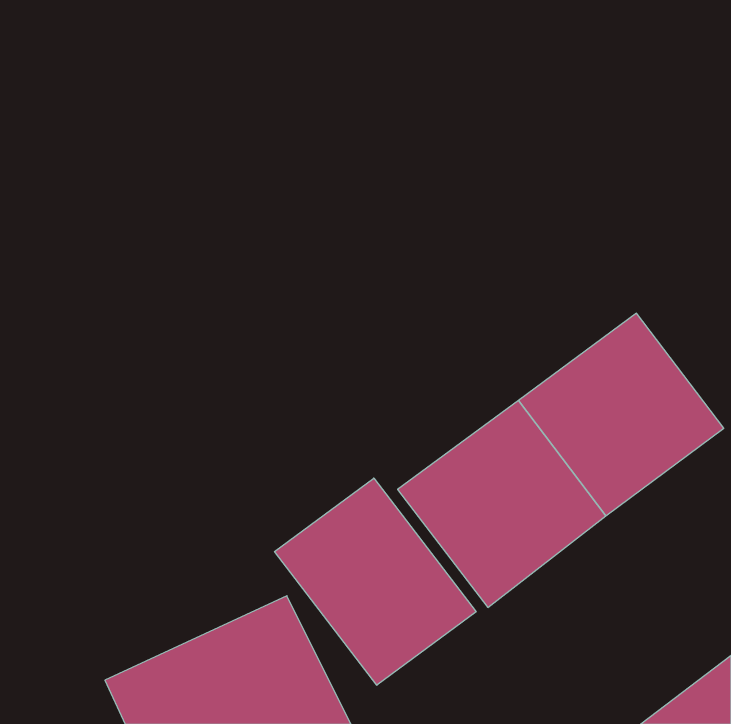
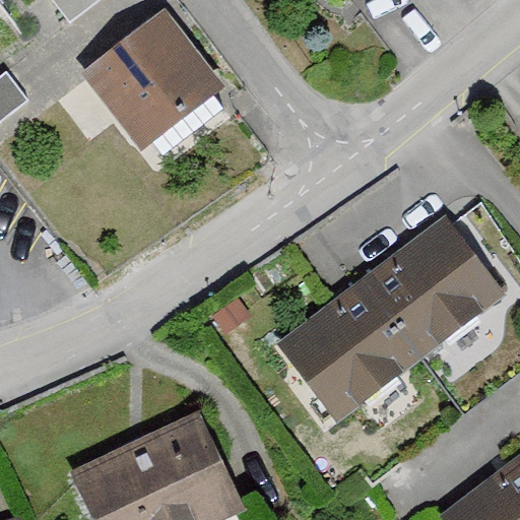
building: none -> [83,14,218,148]
building: [275,478,476,685] -> none

